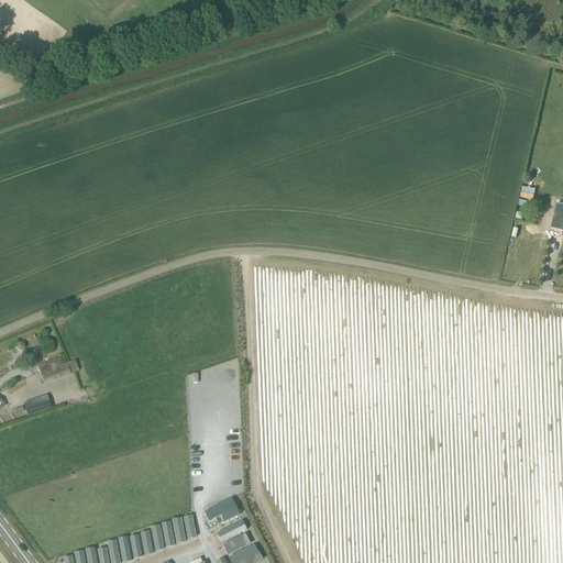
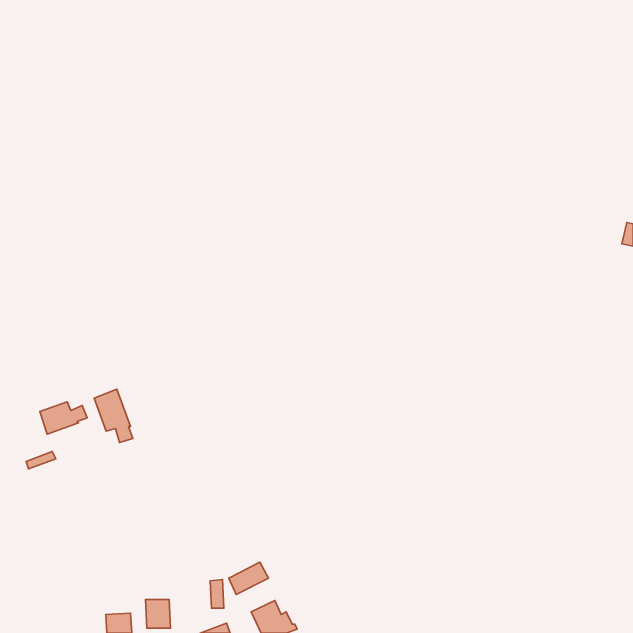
building: none -> [94,389,133,443]
building: [163,520,185,544] -> none

